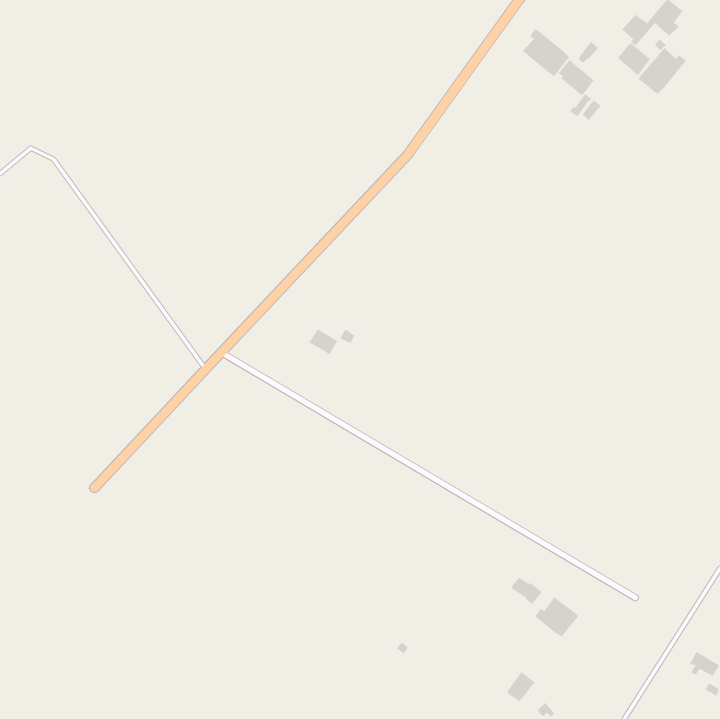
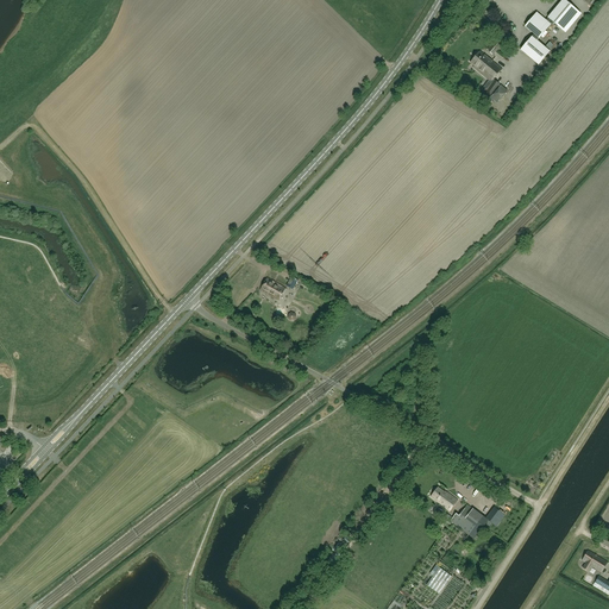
building: [522,28,570,77] -> none
building: [638,47,687,95] -> none

